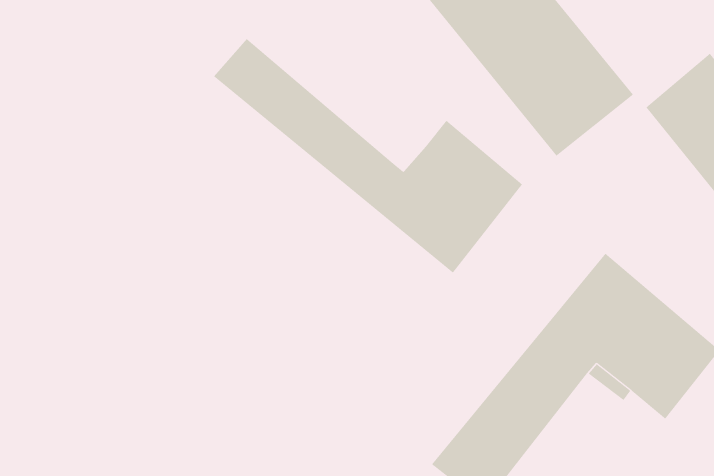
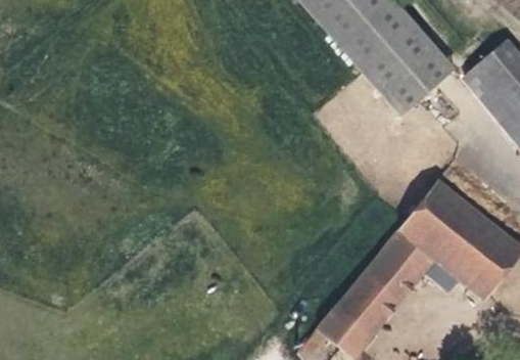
building: [213,38,523,274] -> none

